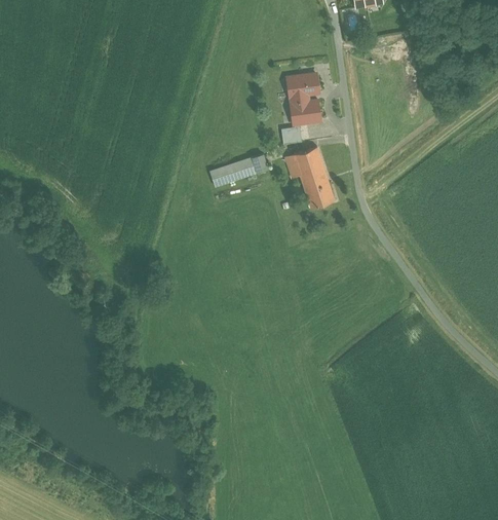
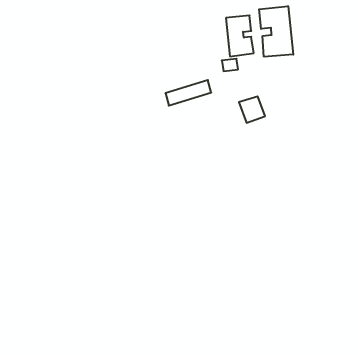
building: none -> [259,6,293,57]
building: [286,148,327,182] -> none

